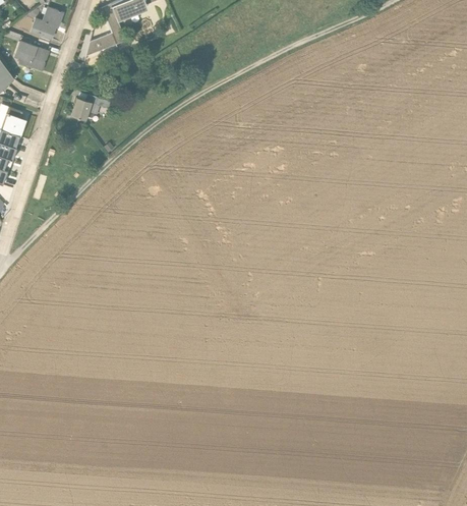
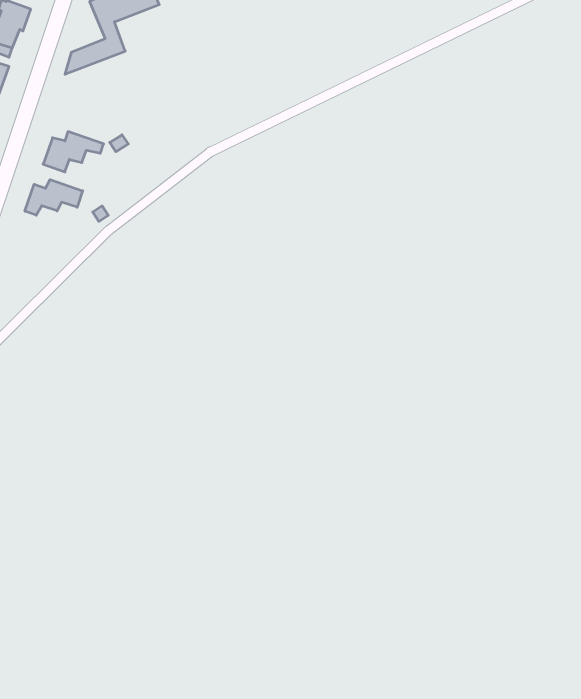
building: none -> [25,180,83,215]

